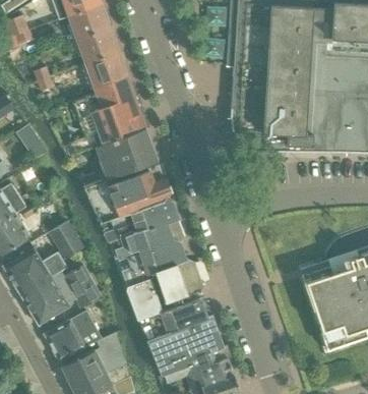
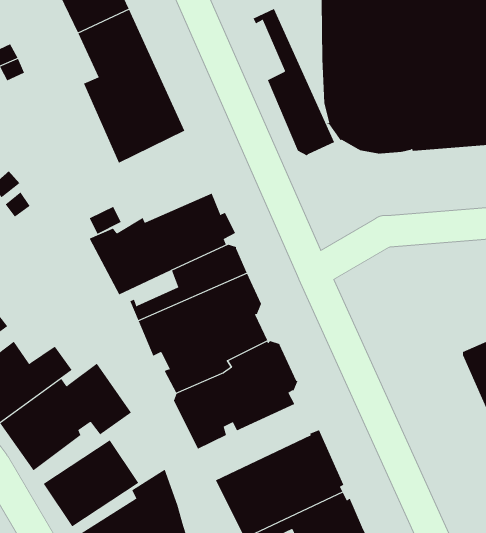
building: none -> [253,8,335,156]
building: [104,128,158,176] -> none
building: [49,218,85,257] -> none
building: [137,298,205,340] -> none

